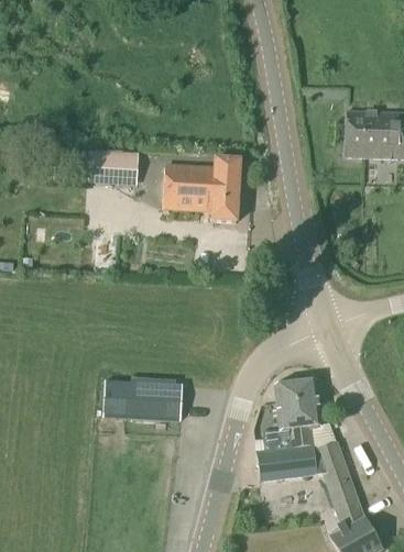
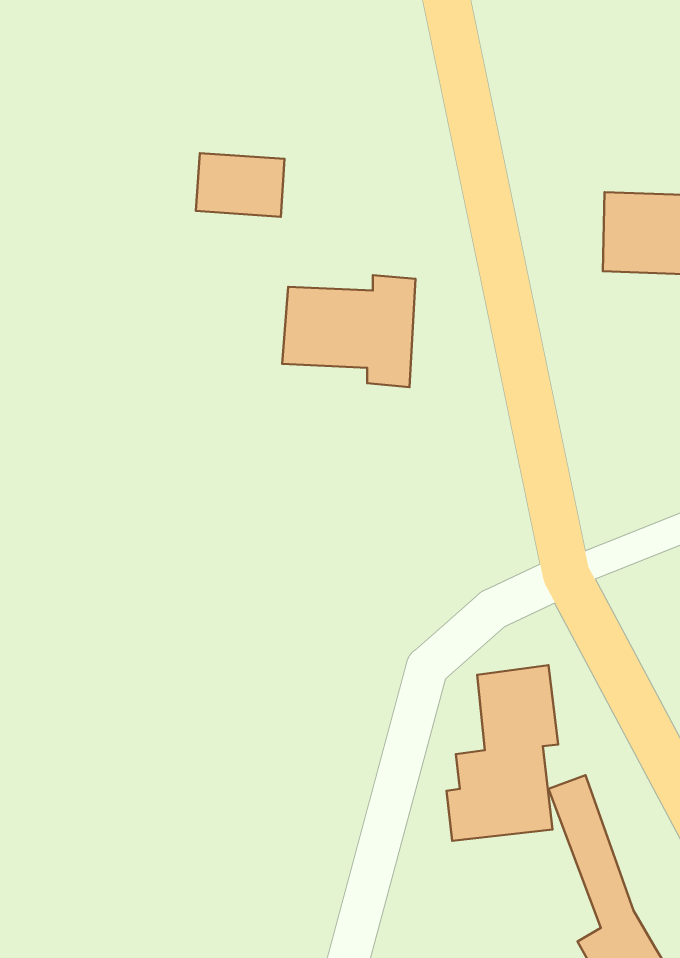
building: [89,150,140,186] -> [196,153,285,217]
building: [102,382,182,420] -> none

